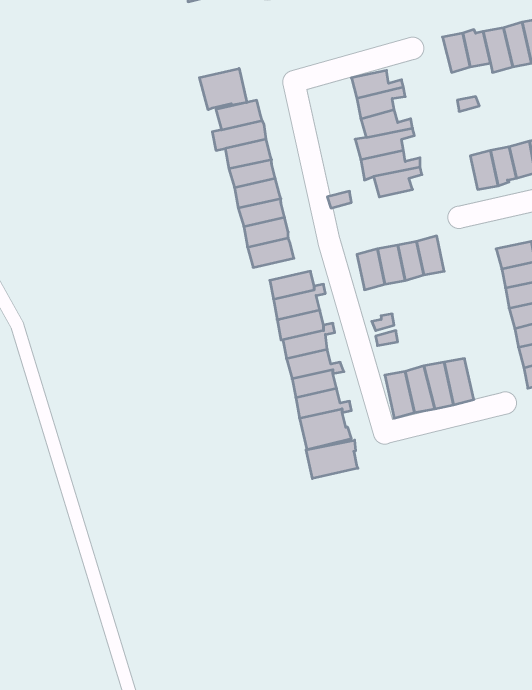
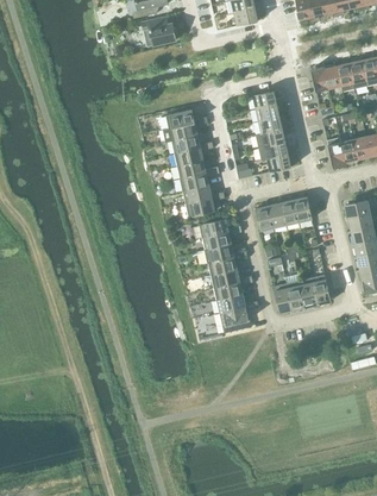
building: [199,68,247,110] -> none
building: [306,440,358,479] -> none

